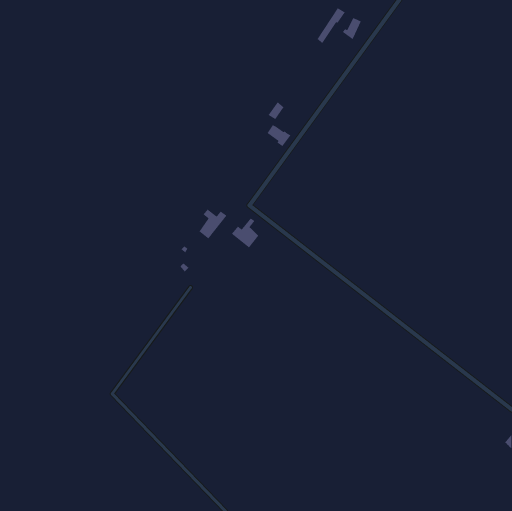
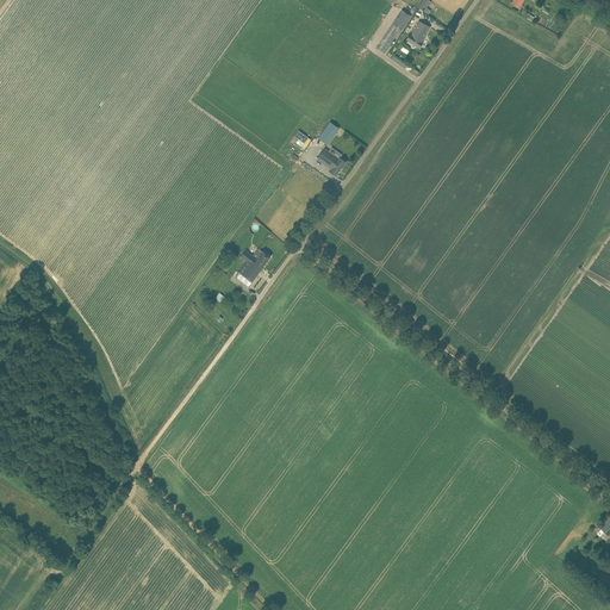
building: [231,217,259,249] -> none

